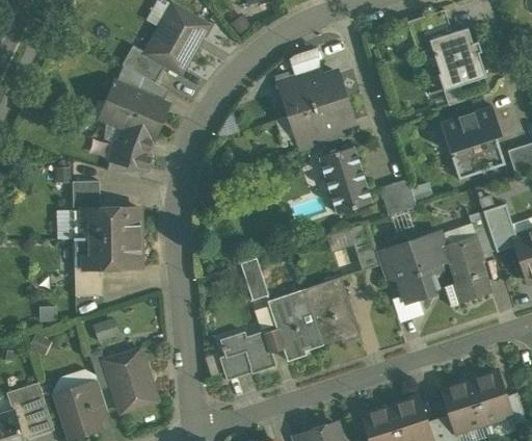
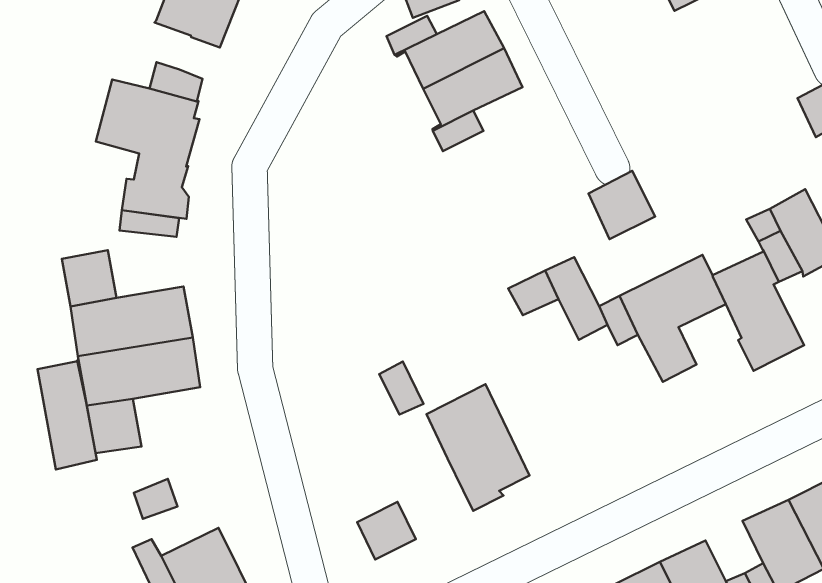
building: [122,46,164,83] -> none
building: [440,106,504,175] -> none
building: [319,148,370,213] -> none
building: none -> [38,361,97,469]
building: [304,278,360,345] -> none
building: [220,329,283,373] -> none

